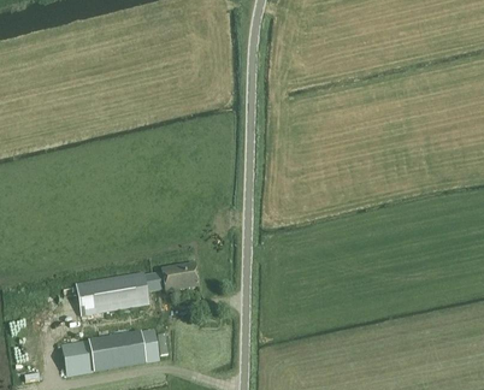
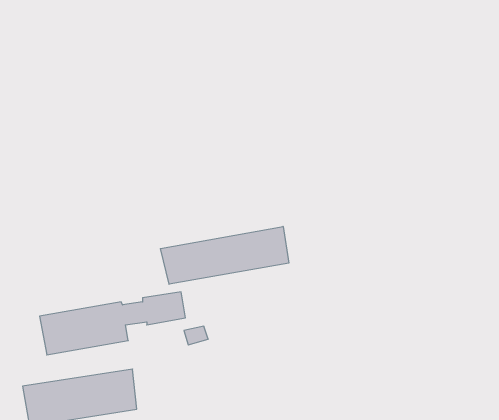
building: none -> [160,226,289,284]

